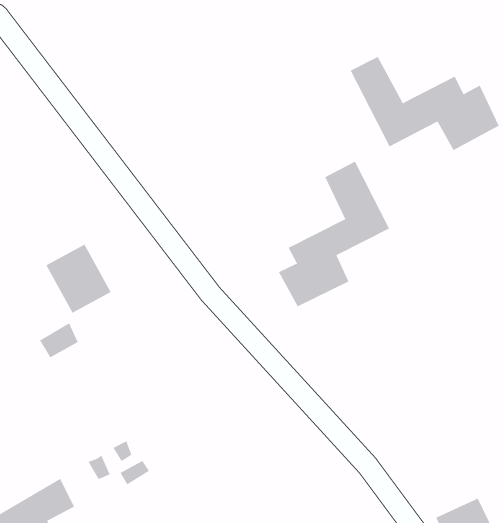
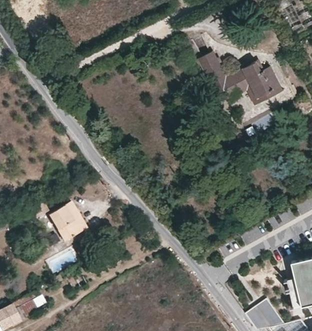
building: [278,161,390,307] -> none
building: [46,244,112,314] -> [49,204,86,243]

